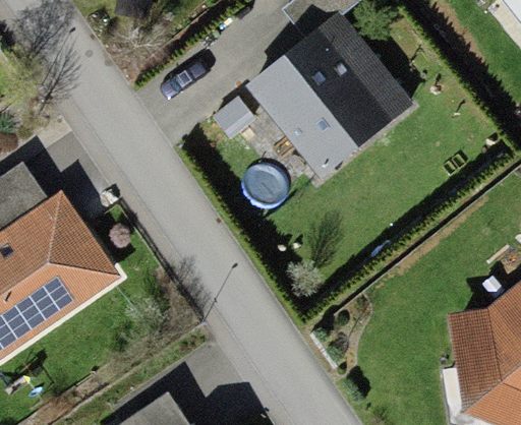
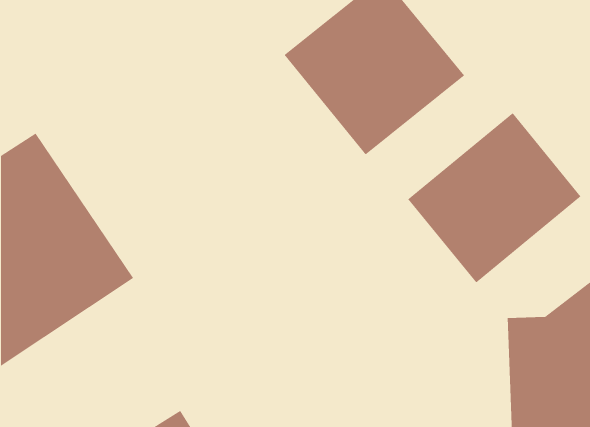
building: none -> [407,112,582,284]

